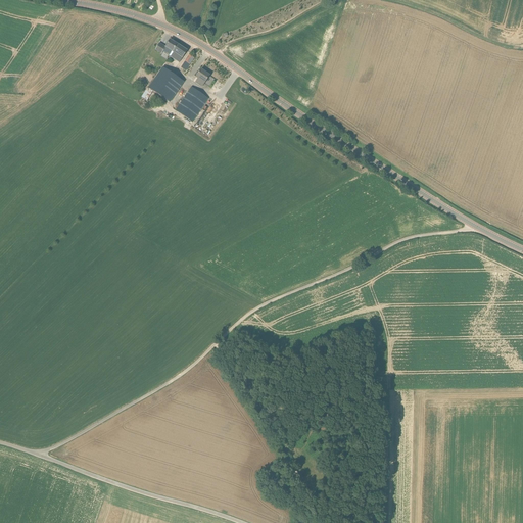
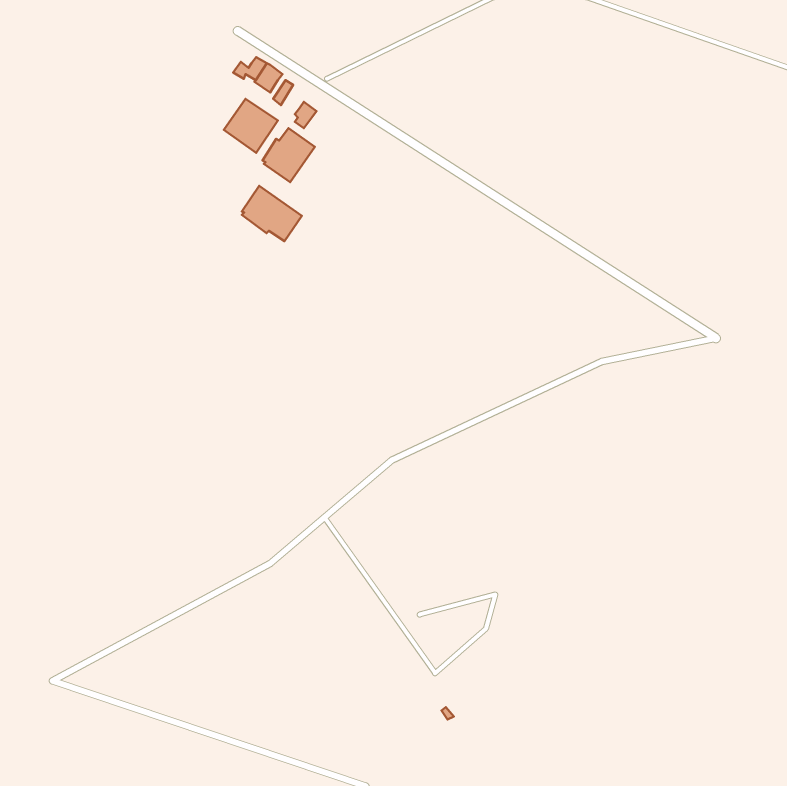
building: none -> [242,186,302,241]

